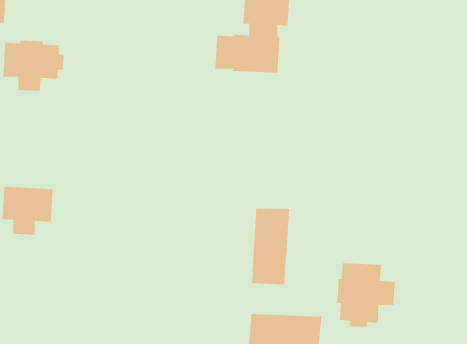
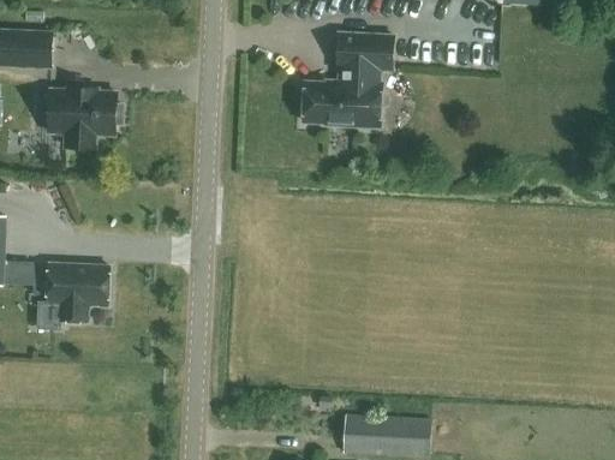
building: [252,208,290,285] -> none
building: [337,263,395,328] -> none

